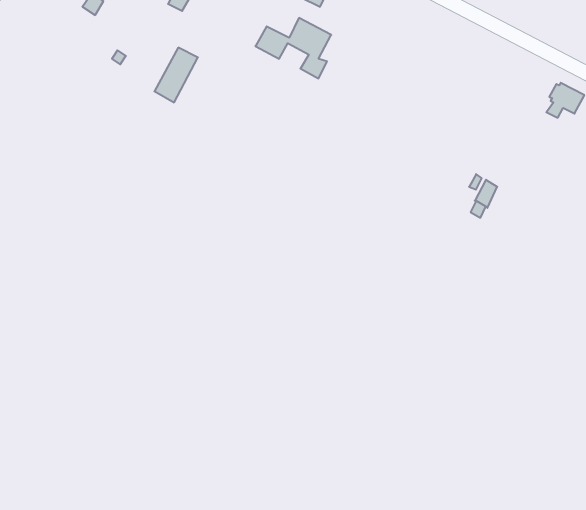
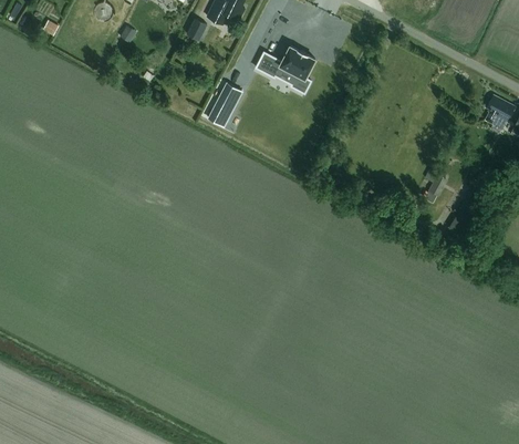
building: [154,48,198,102] -> [207,83,241,126]

